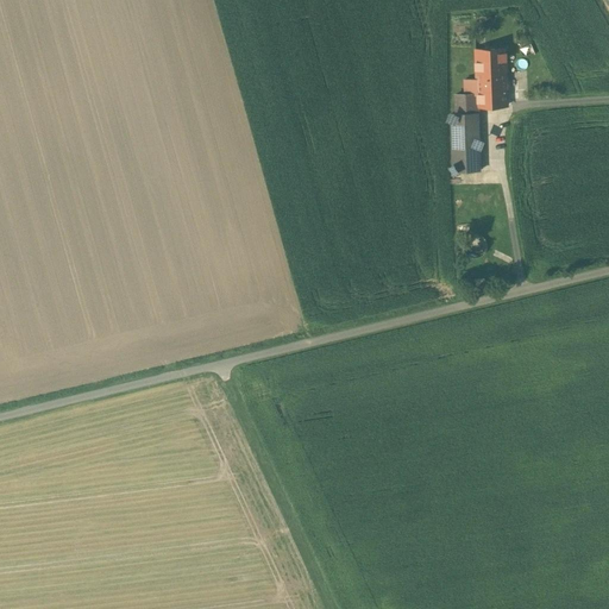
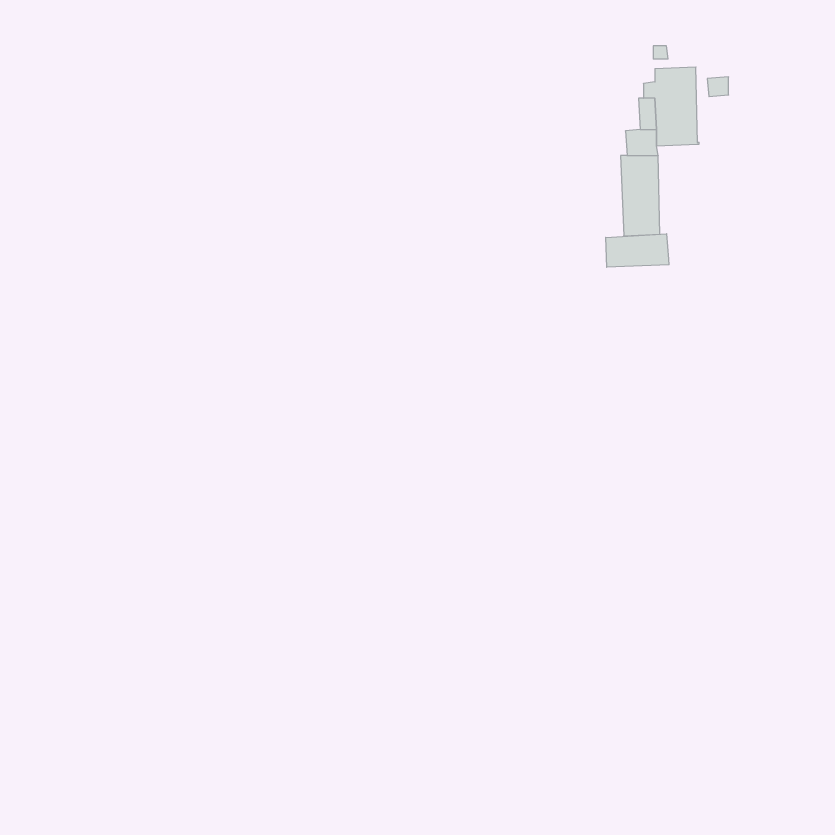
building: none -> [606,234,669,267]

